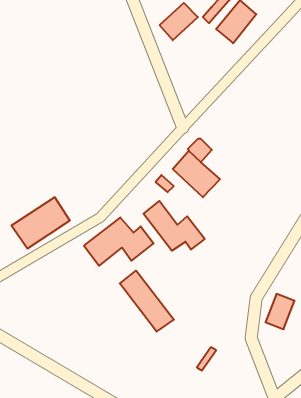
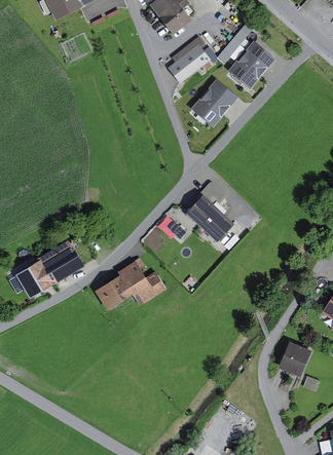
building: none -> [192,79,236,124]
building: [143,201,205,251] -> none
building: [120,271,174,332] -> none

